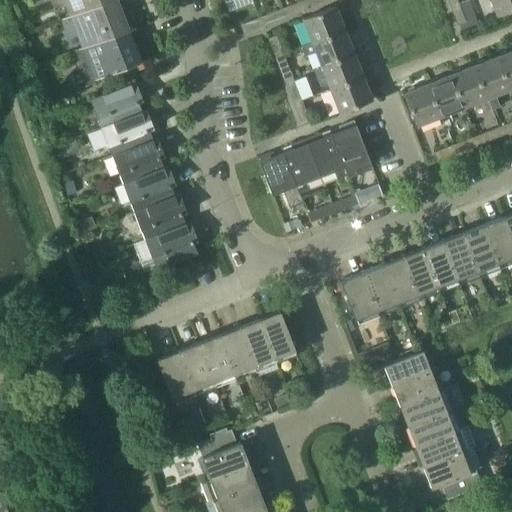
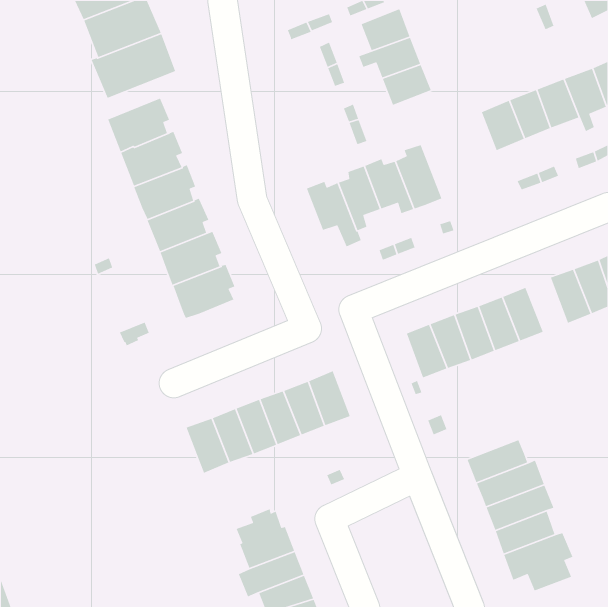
building: [330,77,372,114] -> none
building: [442,234,477,280] -> none
building: [384,349,436,387] -> none

